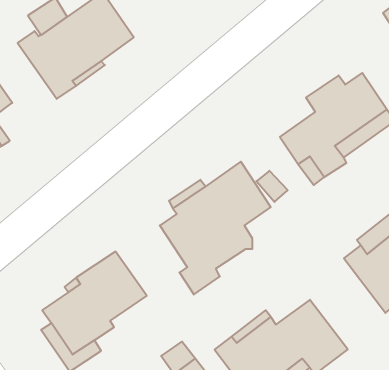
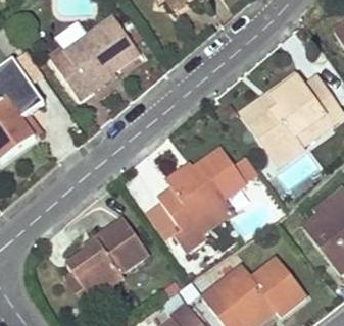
building: none -> [242,74,299,128]

